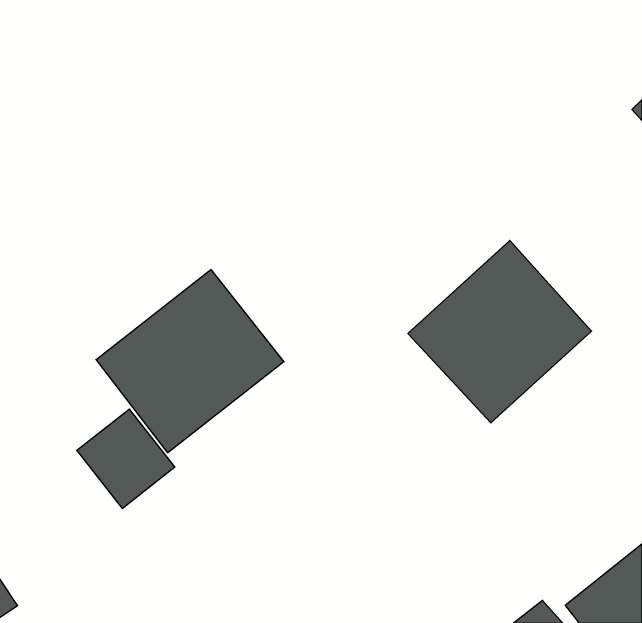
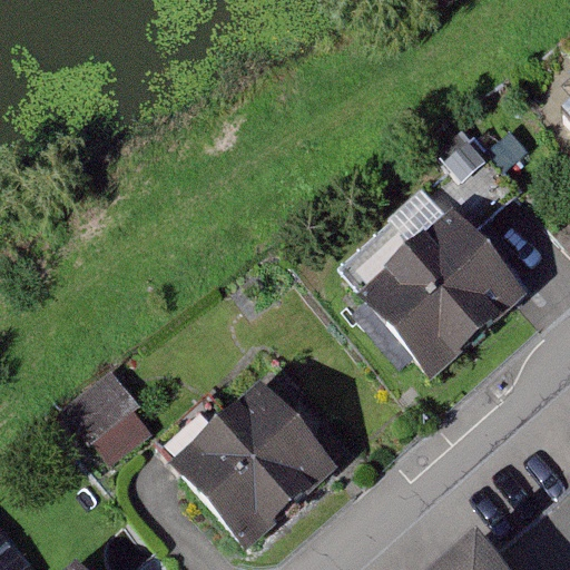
building: [96,270,284,453] -> none
building: none -> [173,386,333,543]

